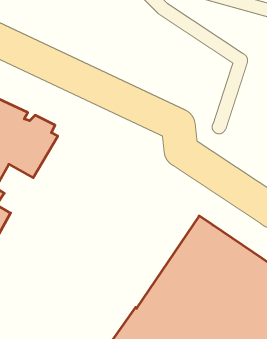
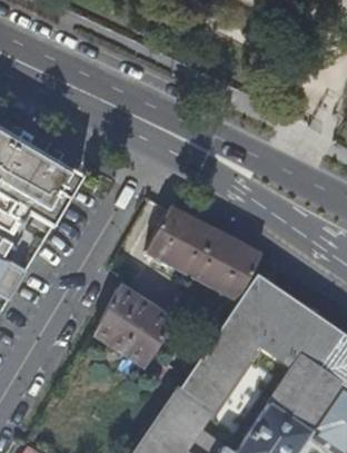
building: none -> [146,209,259,299]
building: none -> [95,288,172,365]

